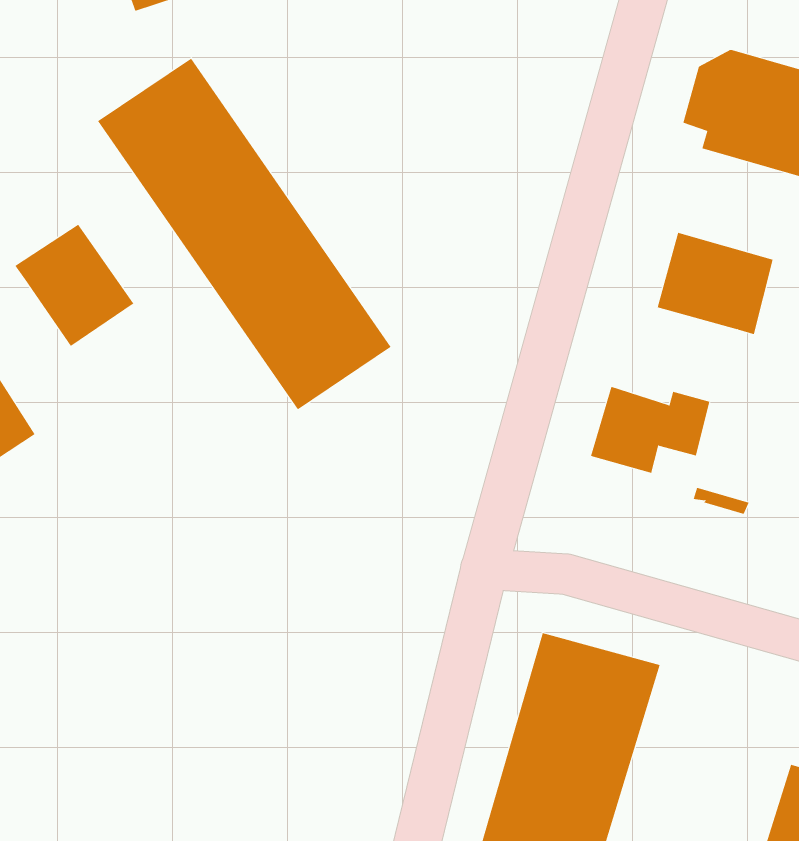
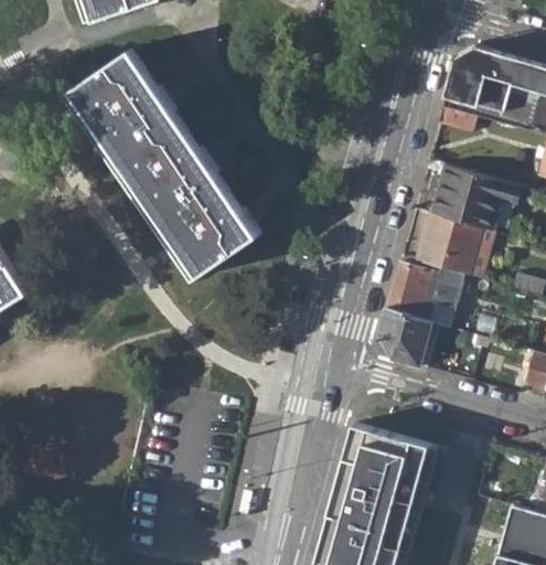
building: [14,224,134,347] -> none
building: none -> [416,214,481,276]
building: none -> [379,310,430,367]

